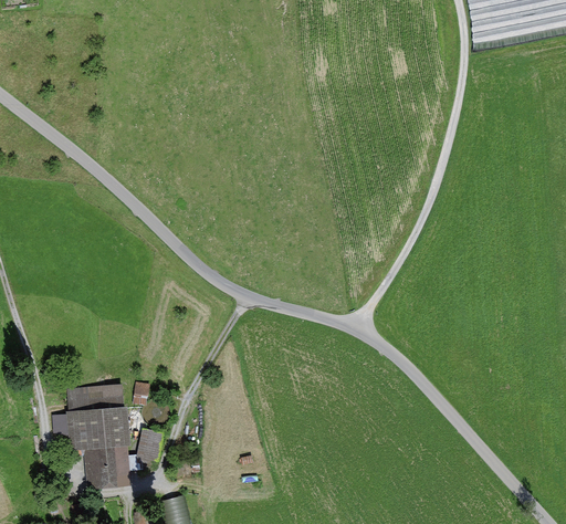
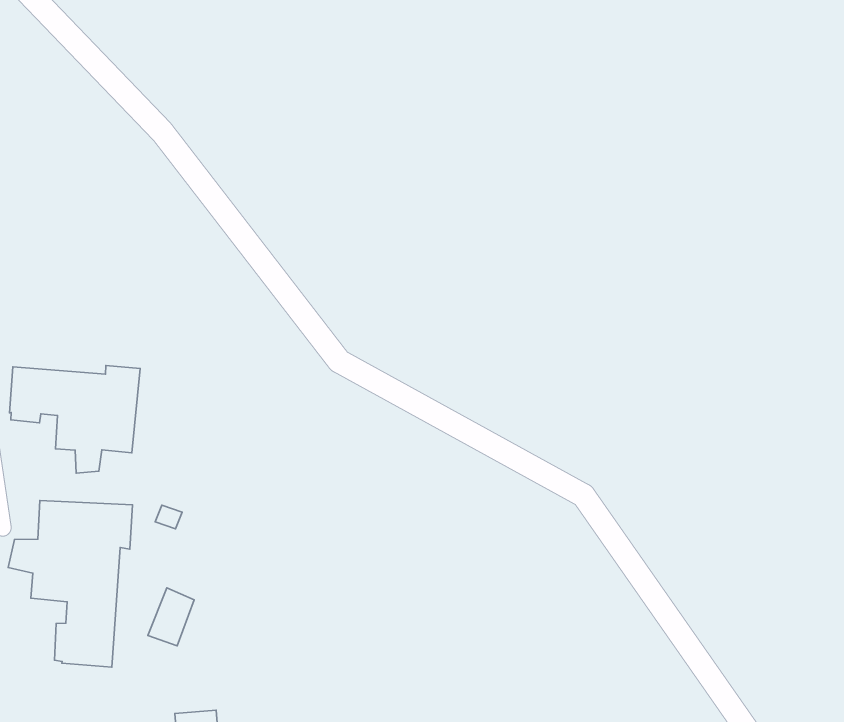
building: none -> [10,365,140,473]

